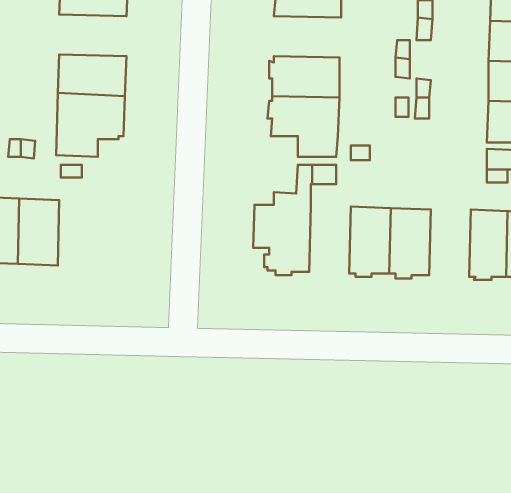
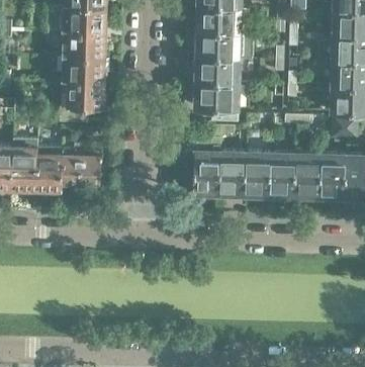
building: none -> [54,31,105,58]
building: none -> [196,32,241,59]
building: none -> [62,145,104,190]
building: none -> [220,153,247,197]
building: none -> [296,155,323,199]

